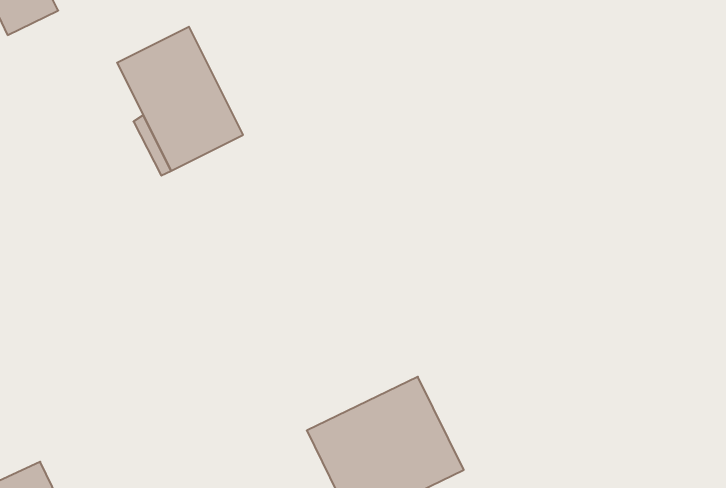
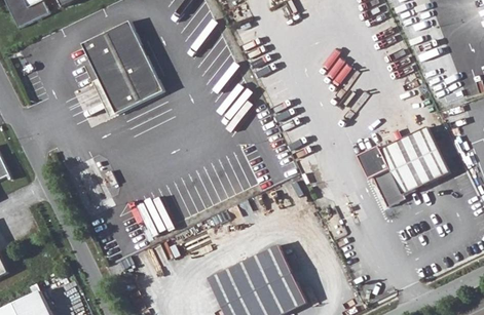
building: none -> [359,126,449,205]

